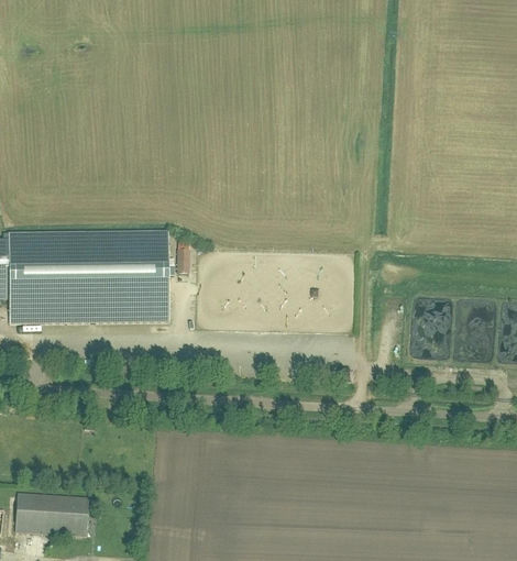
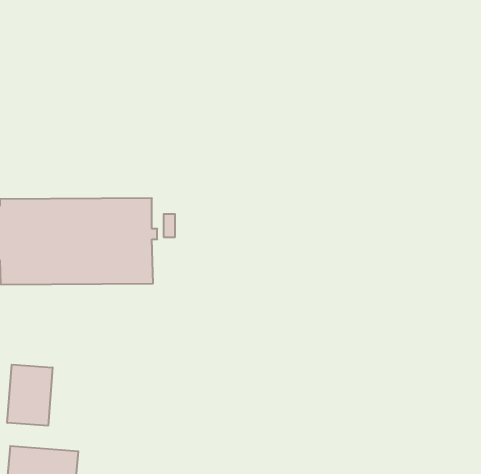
building: none -> [7,365,53,426]

